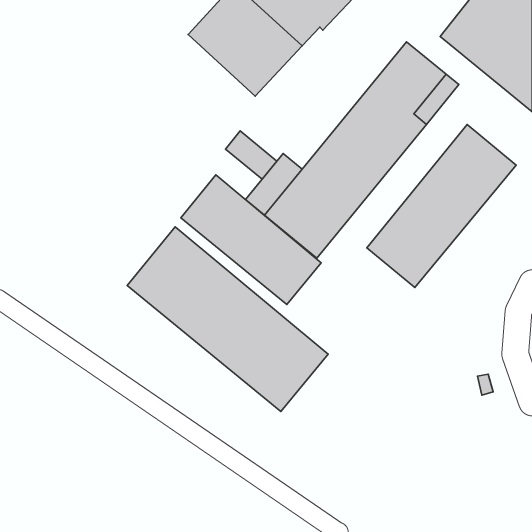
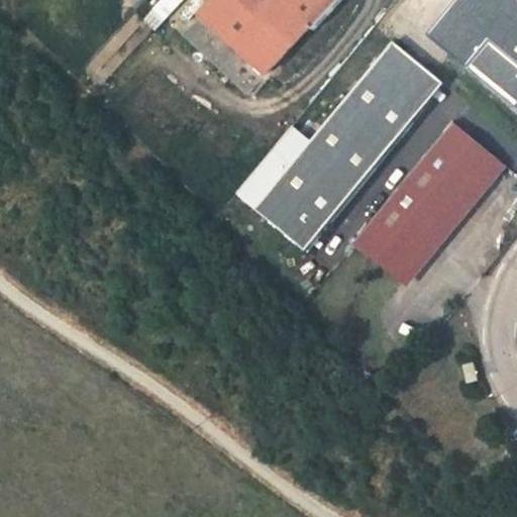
building: [225,131,277,179] -> none
building: [181,175,321,305] -> none
building: [127,227,328,412] -> none

